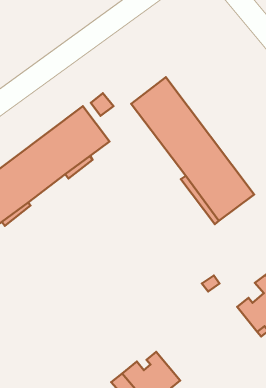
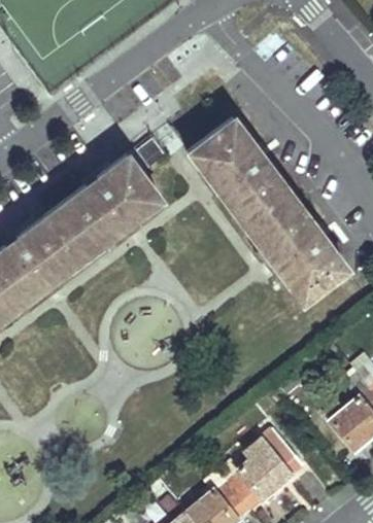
building: none -> [223,426,307,508]

